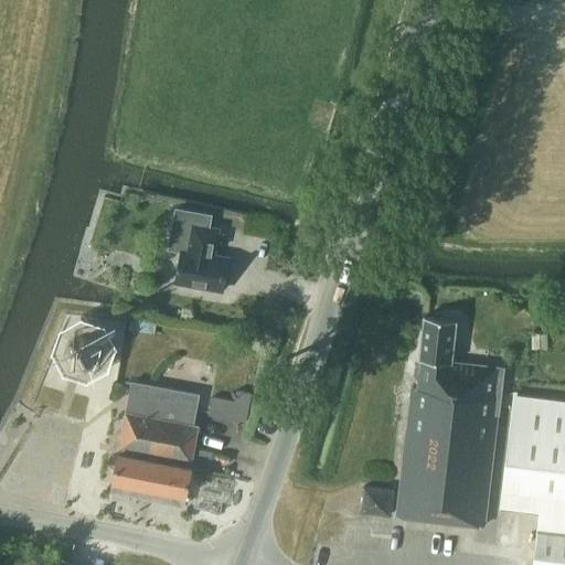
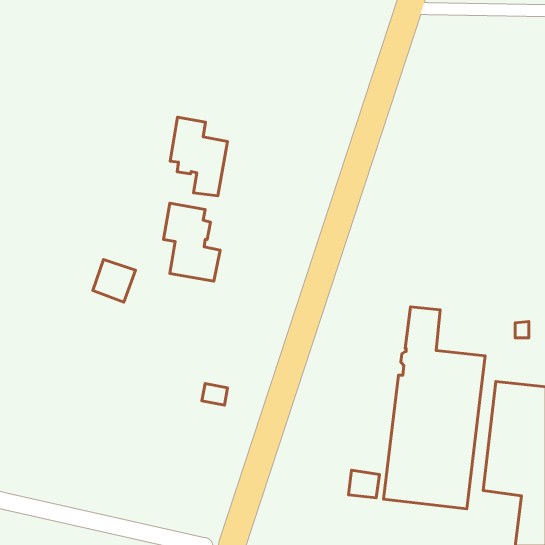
building: none -> [170,117,228,196]
building: [63,329,107,373] -> [93,259,135,302]
building: [111,383,199,507] -> none

